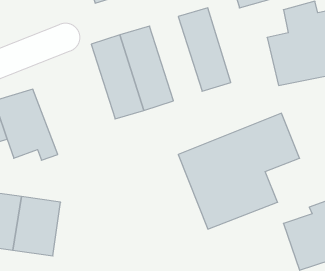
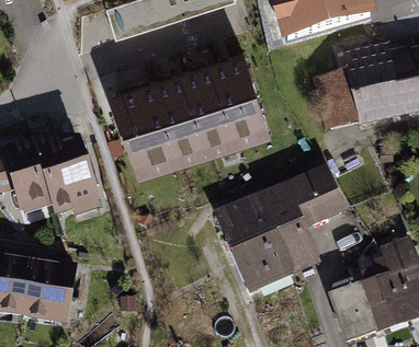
building: none -> [178,50,238,147]
building: none -> [44,134,99,215]

